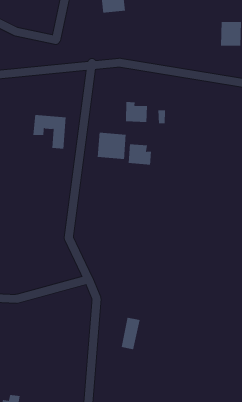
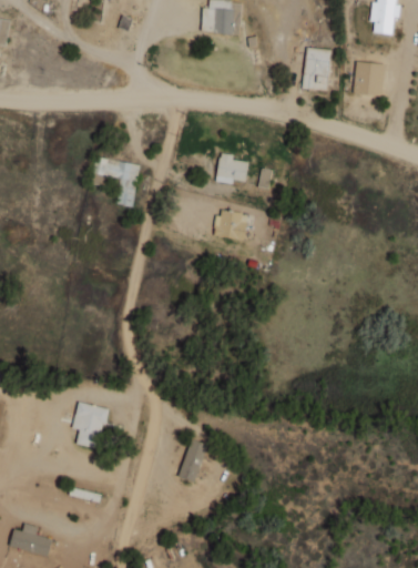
building: none -> [304,49,329,91]
building: [97,132,126,160] -> none
building: none -> [72,402,108,449]

